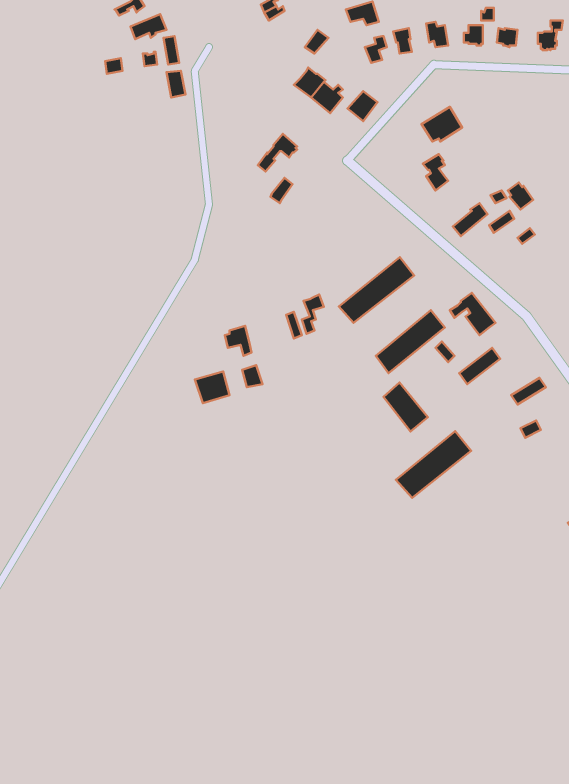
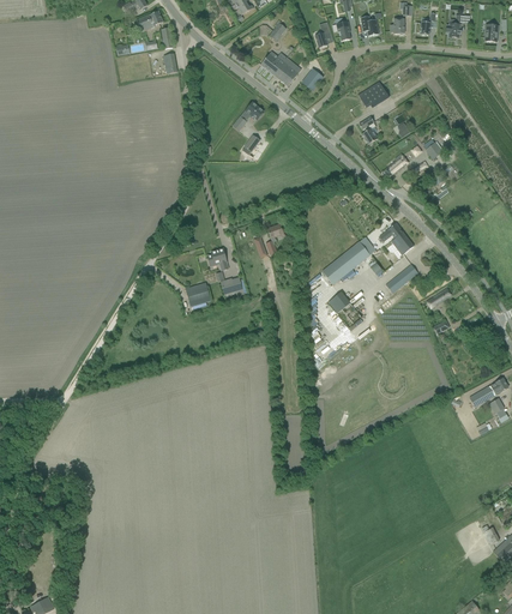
building: [339,257,414,323] -> none
building: [396,431,471,498] -> none

